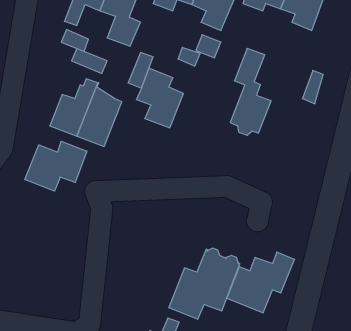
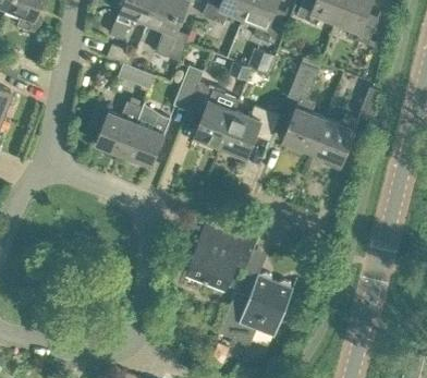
building: none -> [220,106,279,157]
building: none -> [313,114,358,167]
building: [25,141,87,191] -> none
building: [227,252,295,313] -> [187,223,258,286]

